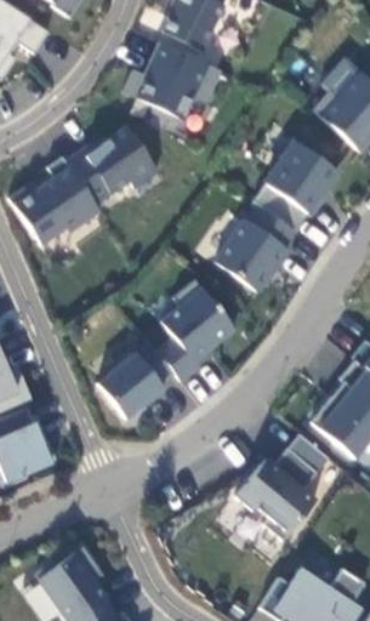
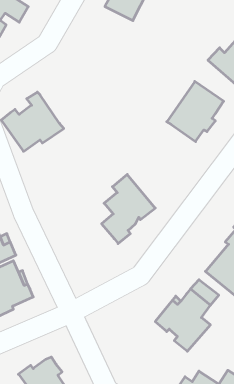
building: [123,41,221,125] -> none
building: [66,126,158,204] -> none
building: [215,205,295,291] -> none
building: [97,346,175,418] -> none

